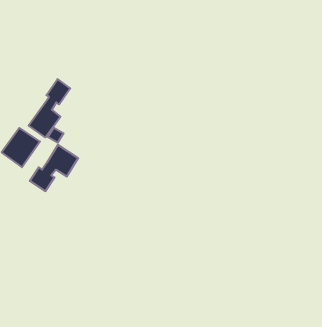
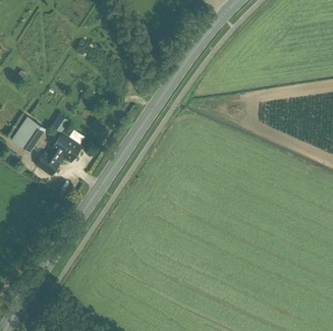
building: [29,79,70,137] -> none

